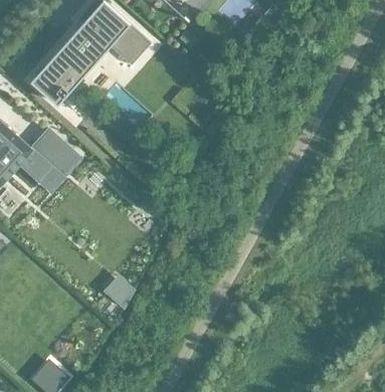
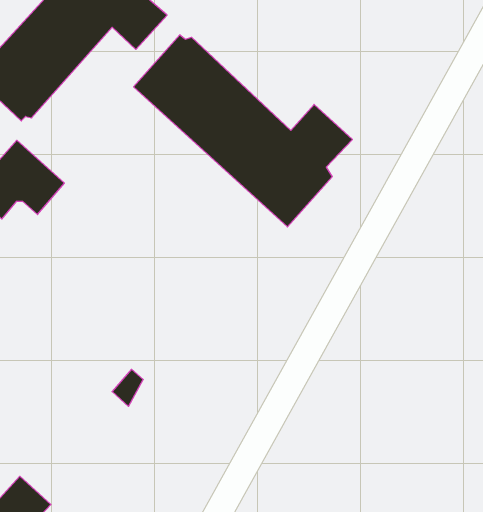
building: none -> [134,35,352,227]

